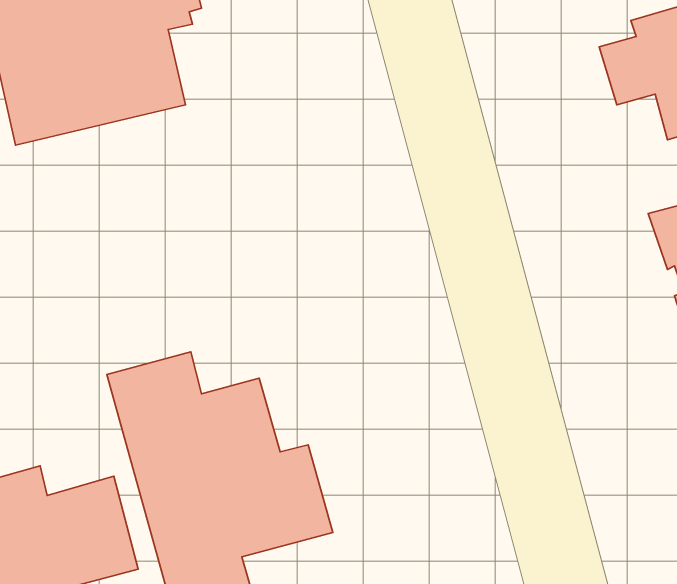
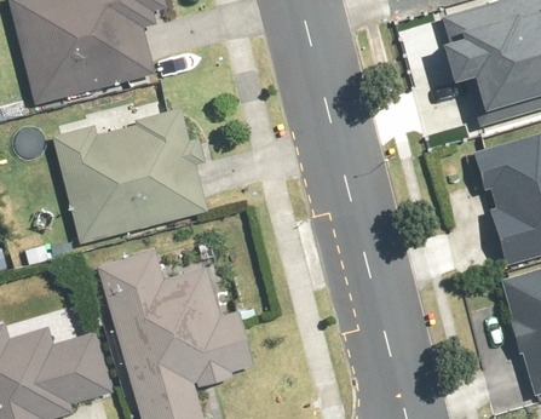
building: none -> [56,103,209,243]

